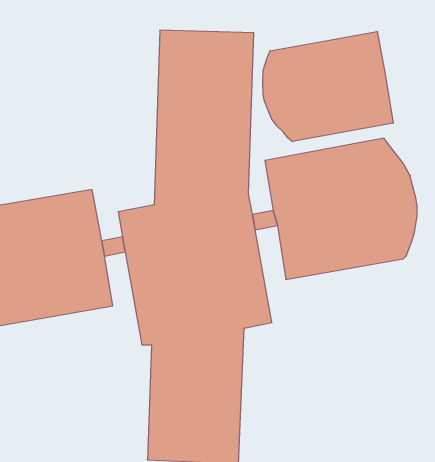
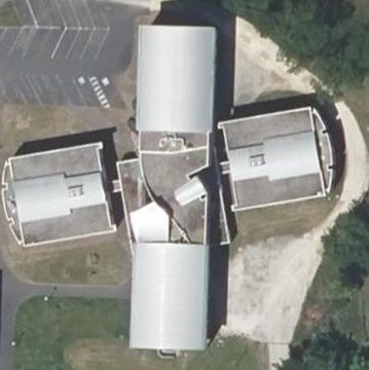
building: [263,31,393,142] -> none

